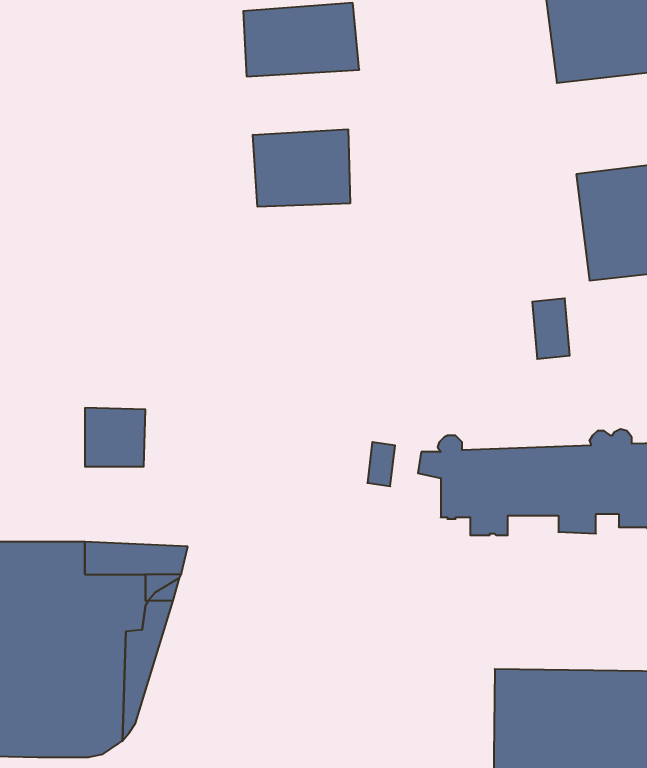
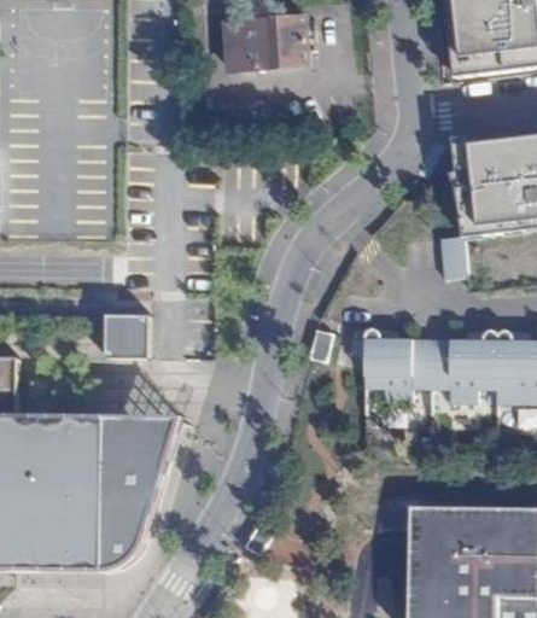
building: [253,129,350,207] -> none

